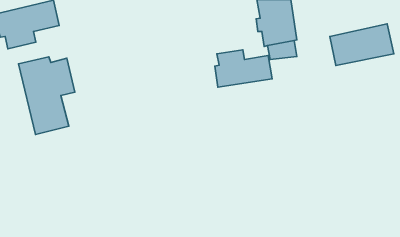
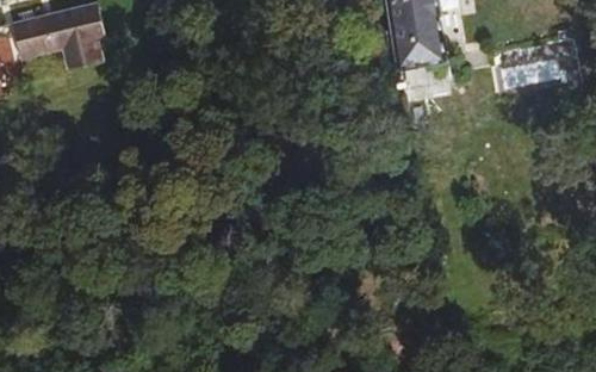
building: [215,50,272,87] -> none
building: [19,57,75,135] -> none

